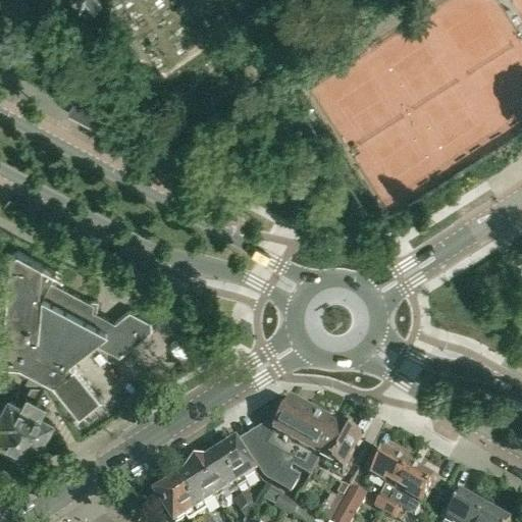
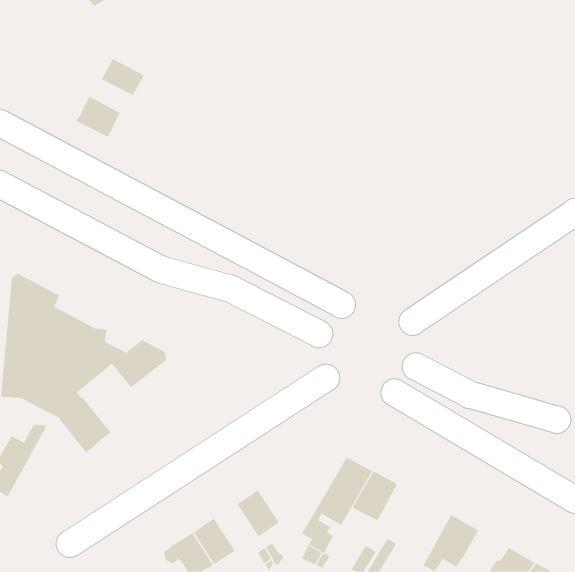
building: none -> [101,58,145,96]
building: [7,384,53,456] -> none
building: [241,399,313,482] -> none
building: [369,451,408,511] -> none
building: [194,456,233,498] -> none

